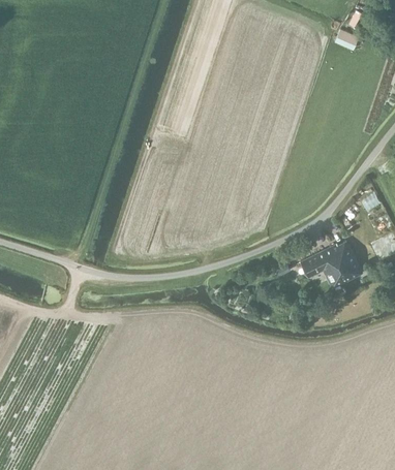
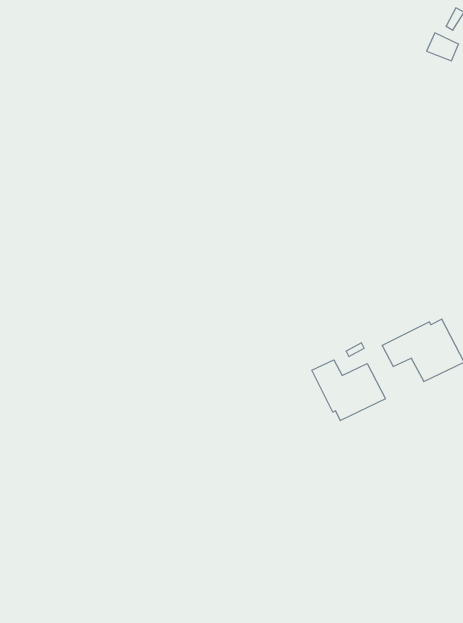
building: none -> [312,360,385,421]

